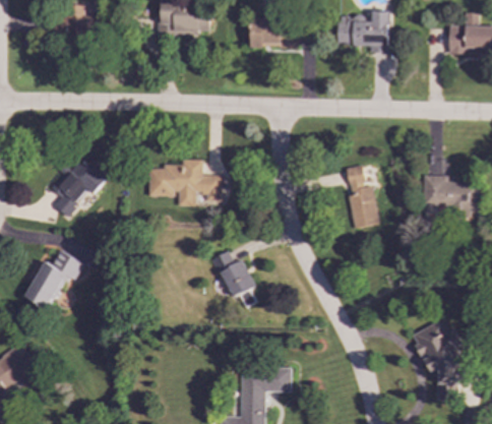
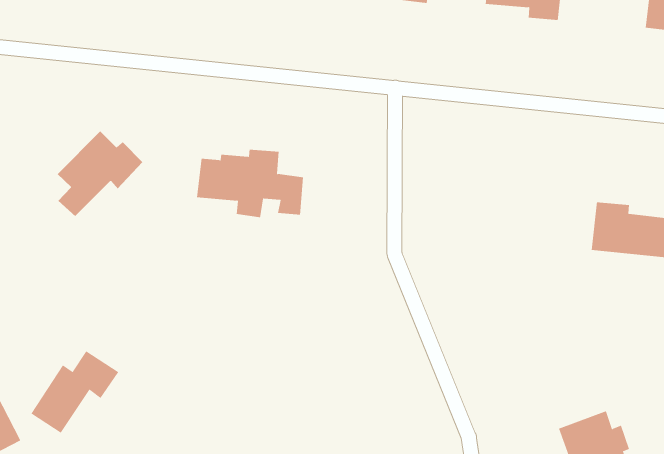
building: [347,165,378,228] -> none
building: [25,249,84,308] -> [30,350,119,434]
building: [212,250,255,306] -> none

